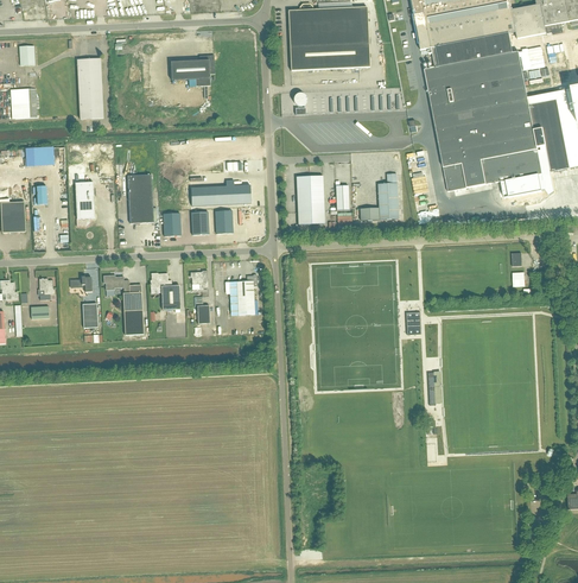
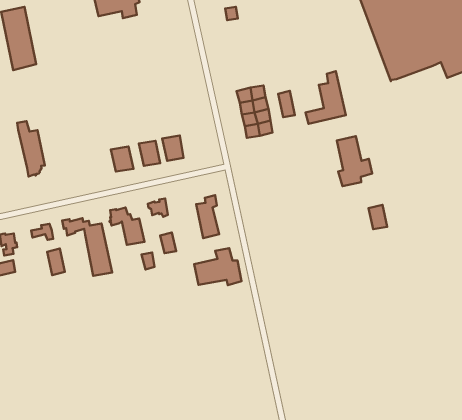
building: [126,173,153,224] -> none
building: [190,184,250,205] -> none
building: none -> [337,136,372,186]
building: none -> [194,248,242,285]

